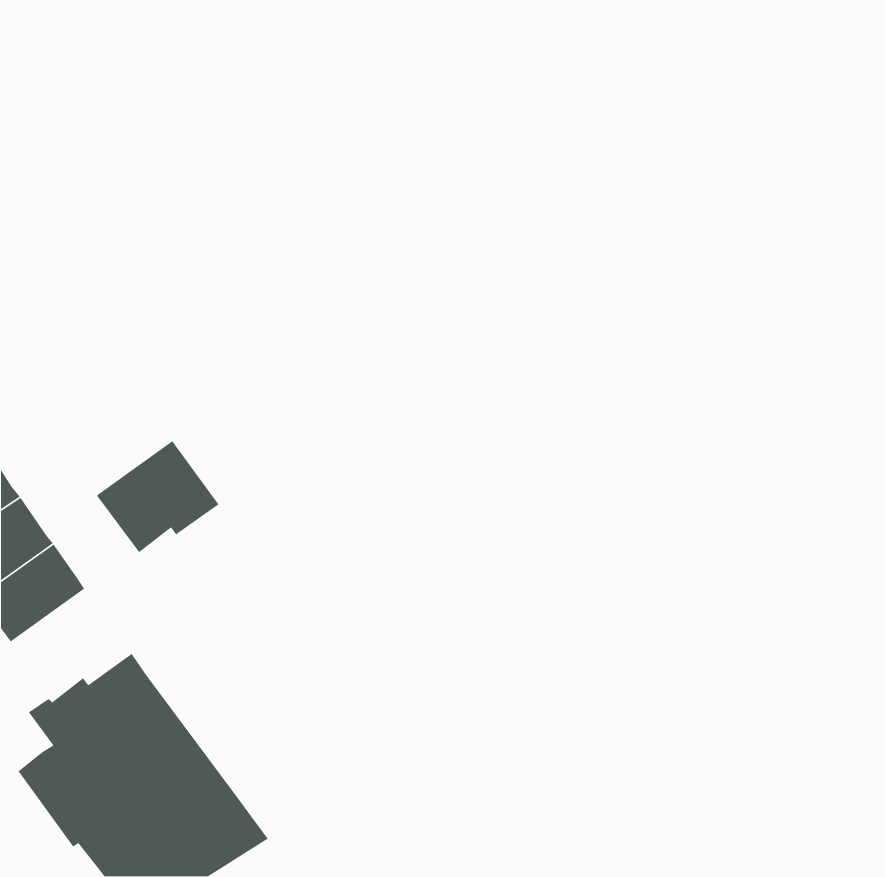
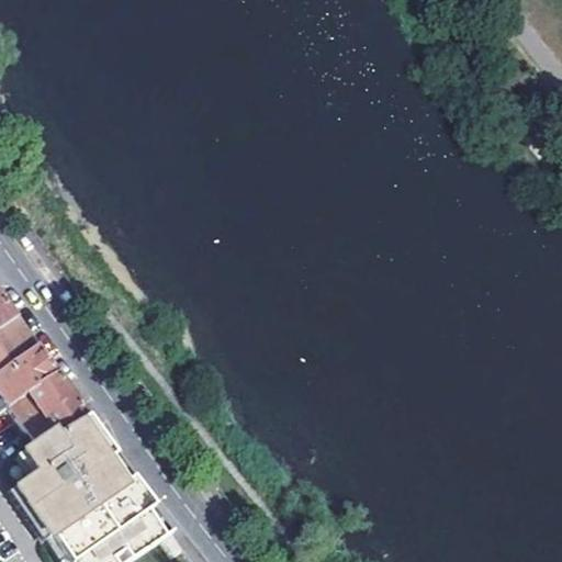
building: [96,440,219,553] -> [7,372,85,443]

